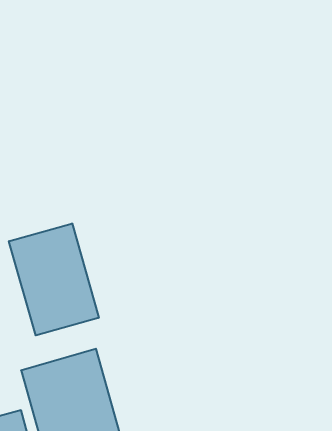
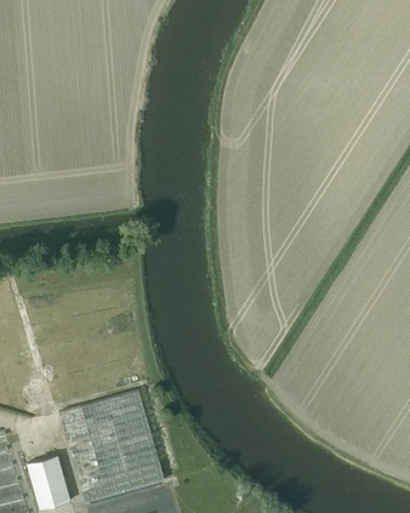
building: [9,223,99,335] -> none

